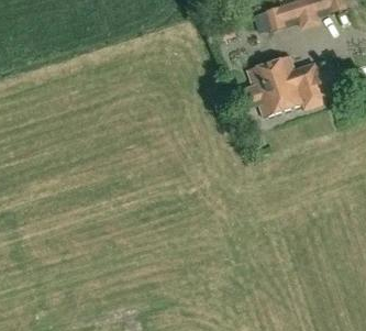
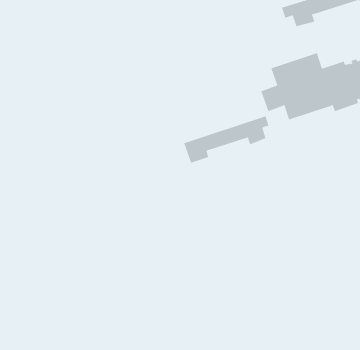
building: none -> [183,115,269,164]

